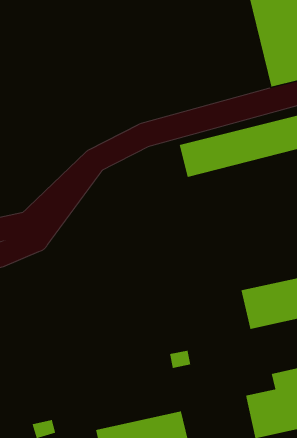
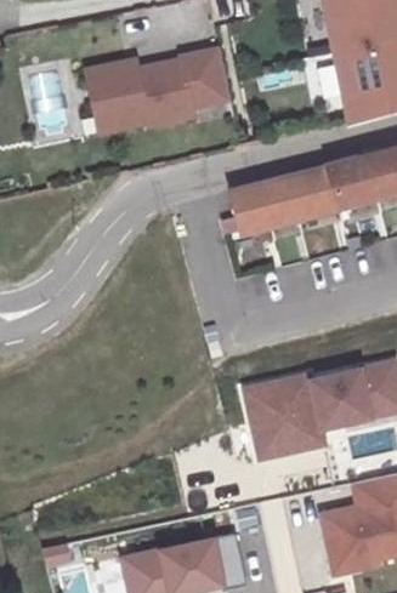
building: none -> [83,42,227,141]
building: none -> [244,374,327,461]

